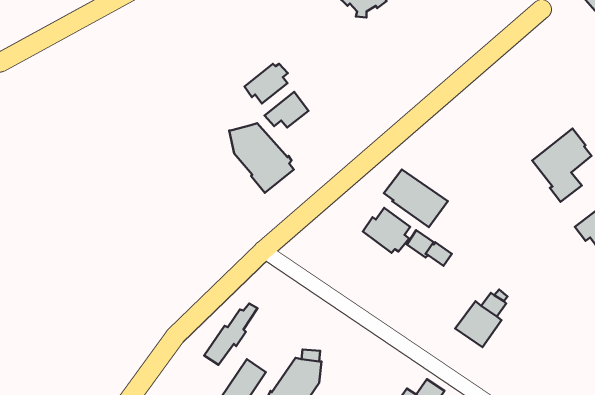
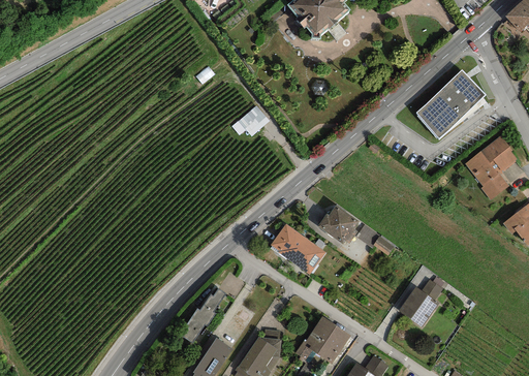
building: none -> [415,69,485,137]
building: [244,64,288,103] -> none
building: [229,123,294,193] -> none
building: [384,169,448,227] -> [270,223,325,274]
building: none -> [294,316,350,364]

